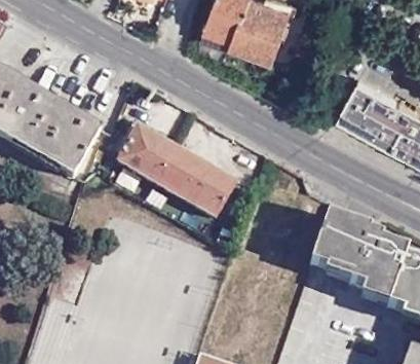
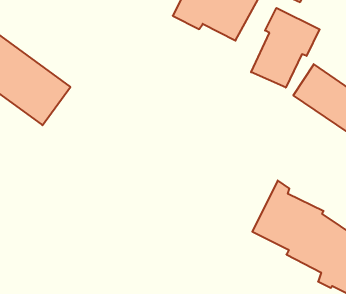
building: none -> [251,8,320,88]
building: [115,121,236,219] -> none

